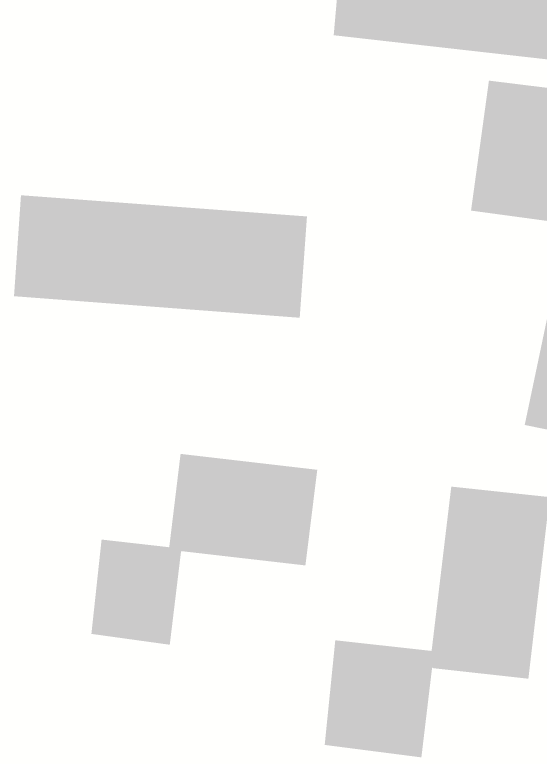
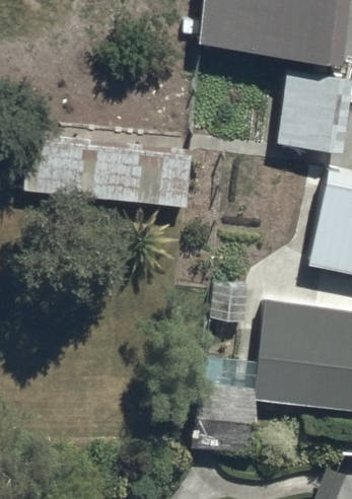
building: [91,453,318,646] -> none

